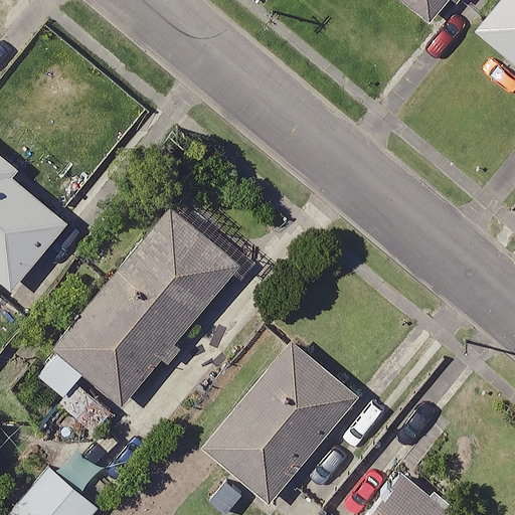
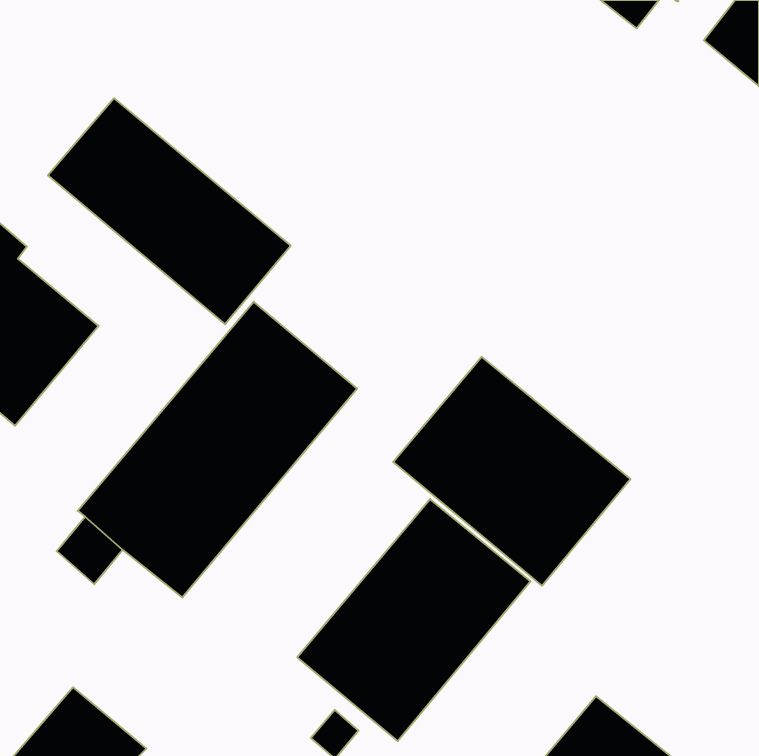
building: none -> [48,98,291,324]
building: none -> [393,357,630,586]

